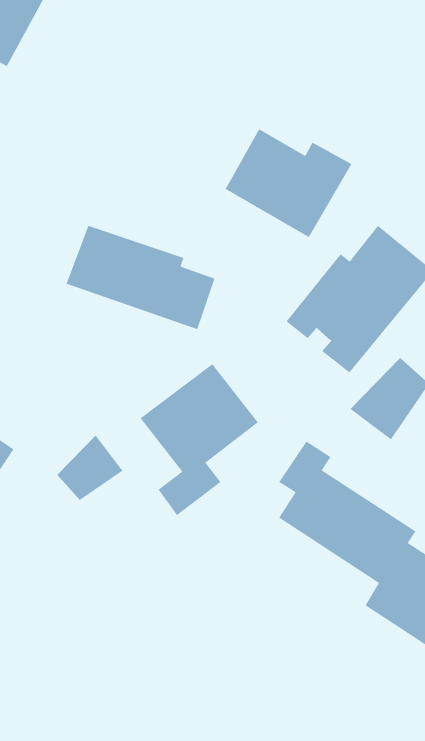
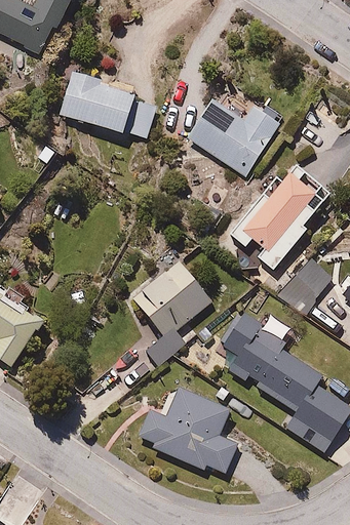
building: [65,225,216,330] -> [53,68,157,140]
building: [56,435,124,501] -> none
building: none -> [135,386,239,472]

